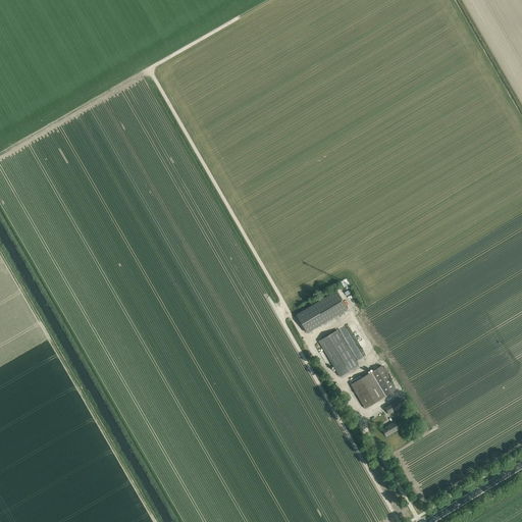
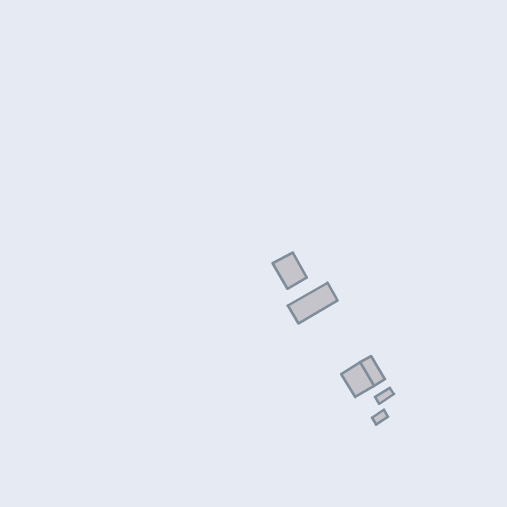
building: none -> [273,253,307,289]
building: [319,330,359,376] -> none

